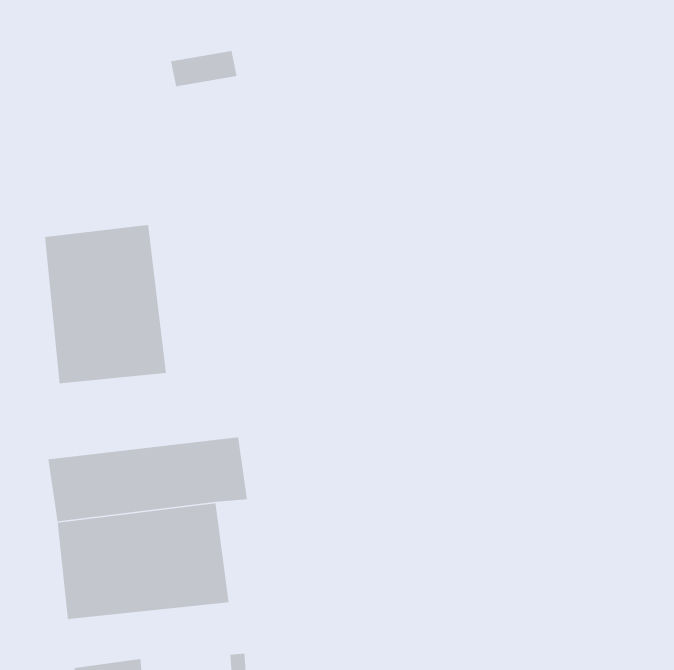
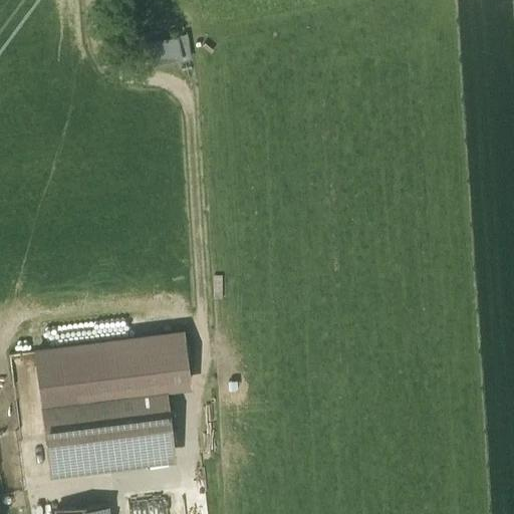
building: [44,224,167,384] -> none

